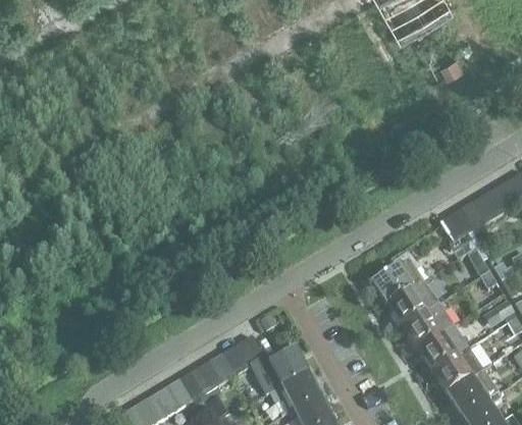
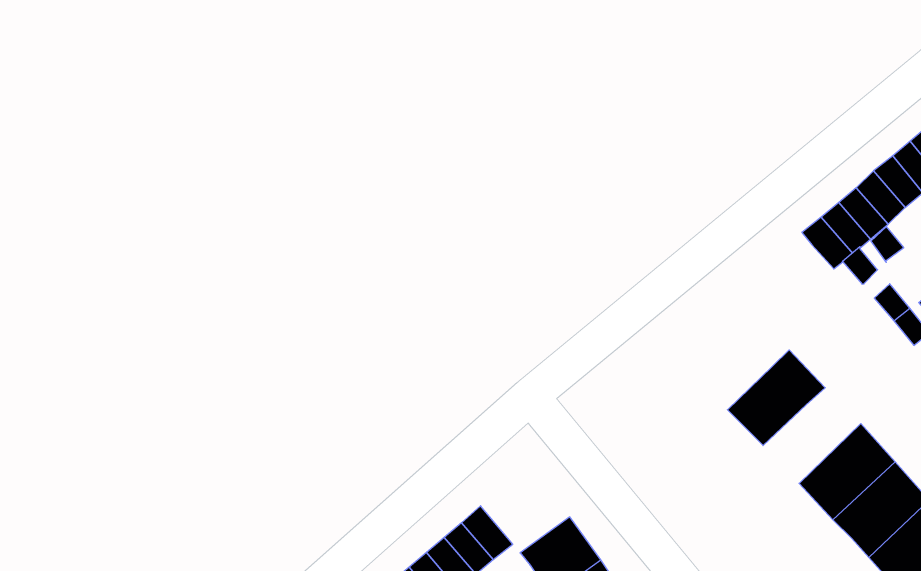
building: [372,258,424,306] -> none
building: [403,303,455,350] -> none

